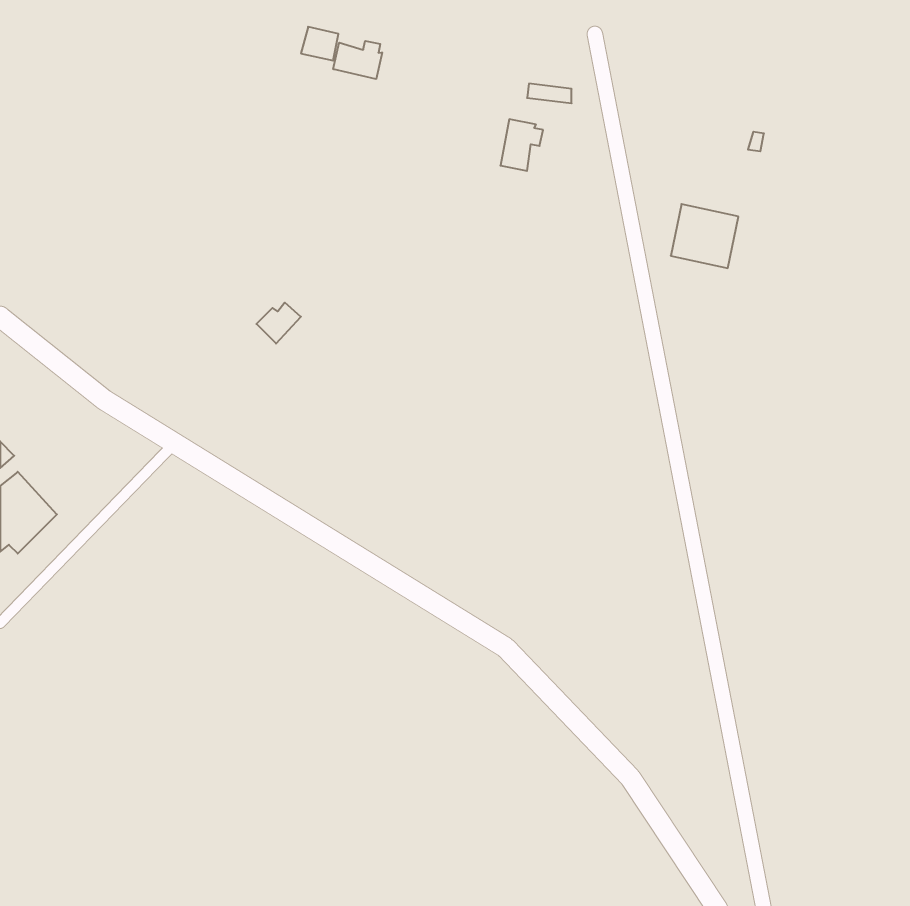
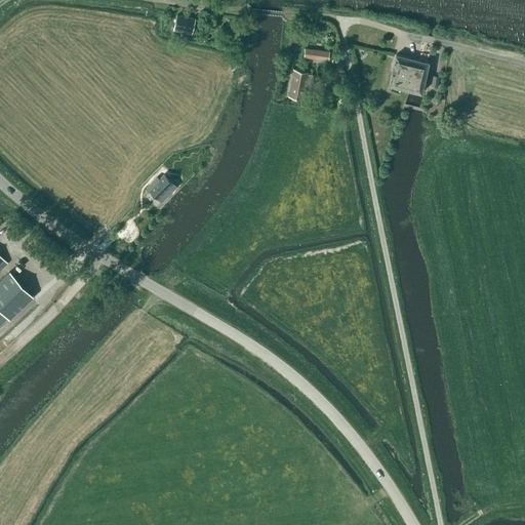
building: [333,41,382,79] -> none
building: [671,204,738,268] -> [390,56,429,93]

